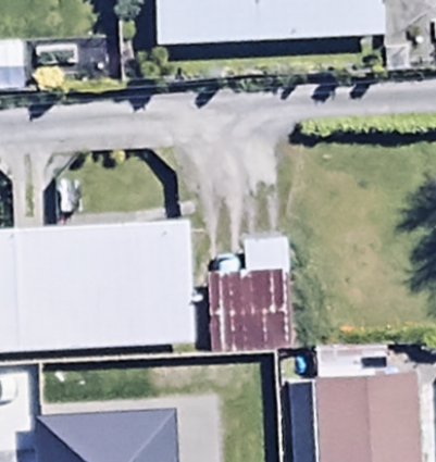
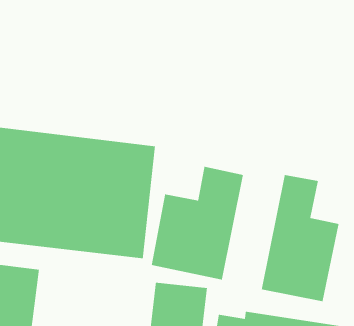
building: none -> [261,174,340,302]

